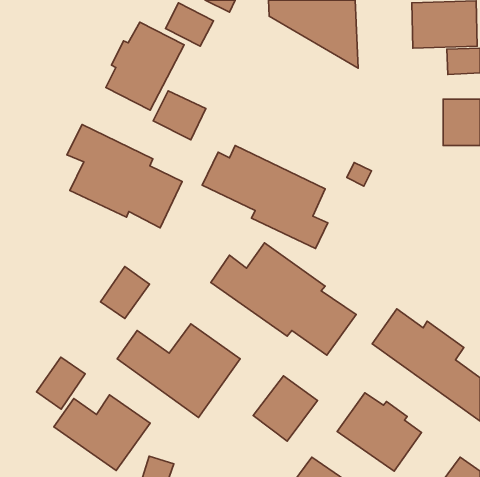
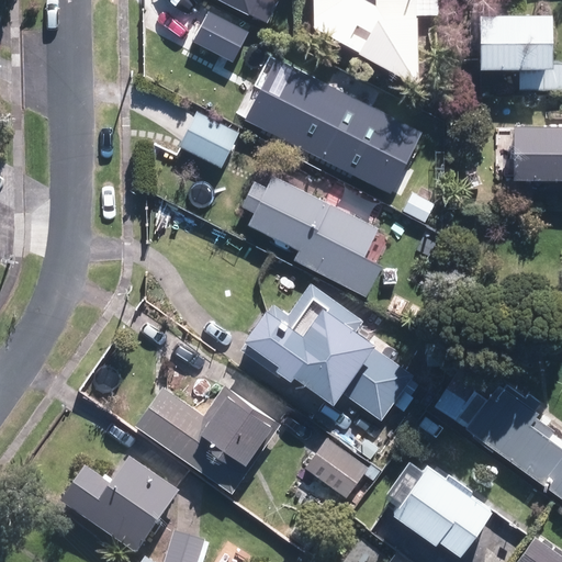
building: [106,22,184,110] -> none
building: none -> [249,64,415,194]
building: [67,124,182,228] -> none
building: [100,267,150,318] -> none
building: [36,357,85,409] -> none

